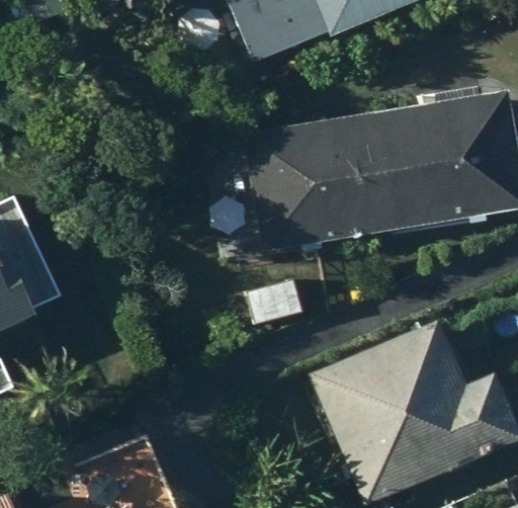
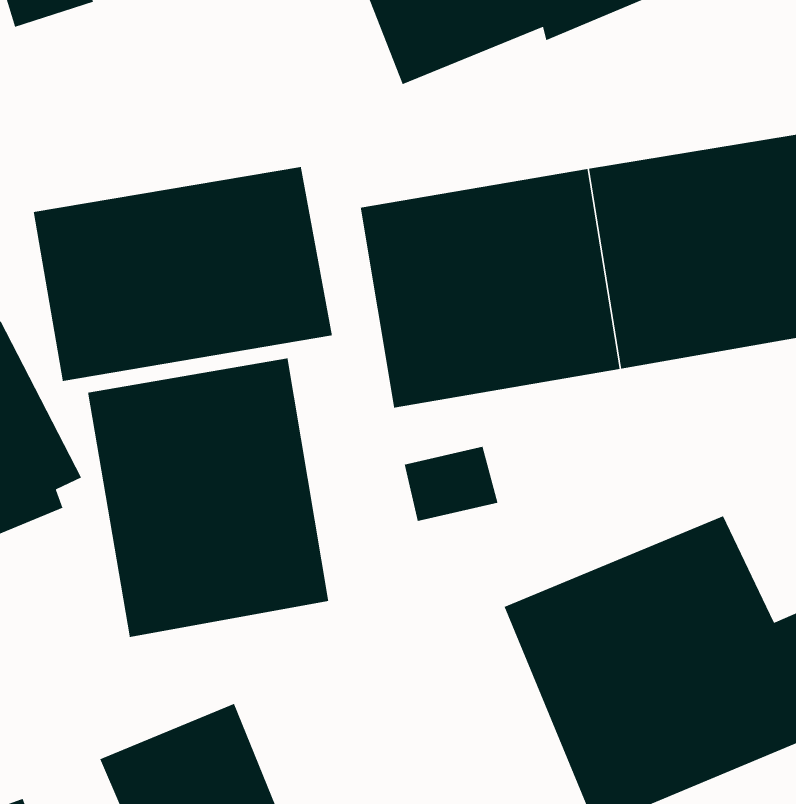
building: none -> [33,166,333,382]
building: none -> [87,358,329,638]

